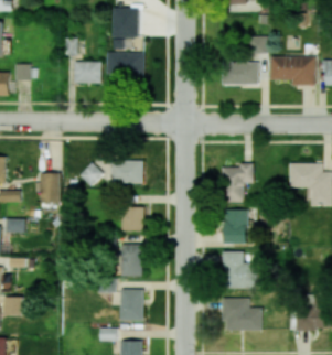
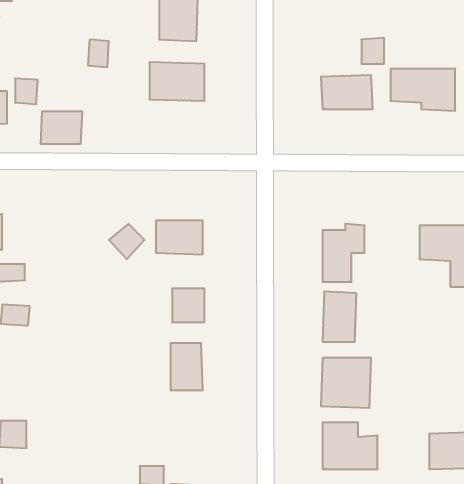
building: [73,62,101,84] -> [40,111,82,144]
building: [39,173,61,204] -> none
building: [119,289,143,321] -> none

